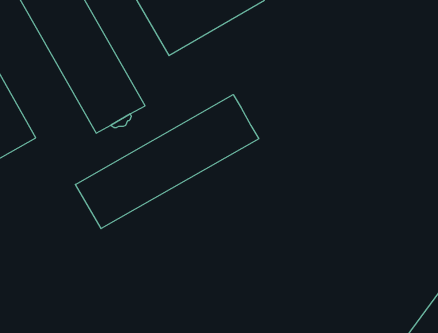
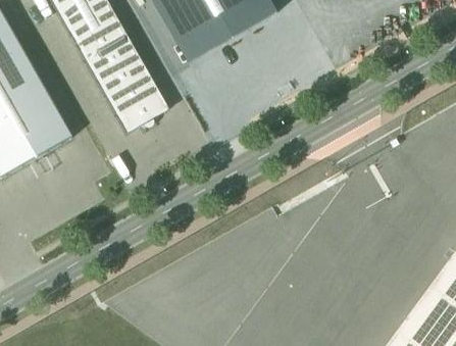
building: [75,95,259,229] -> none

